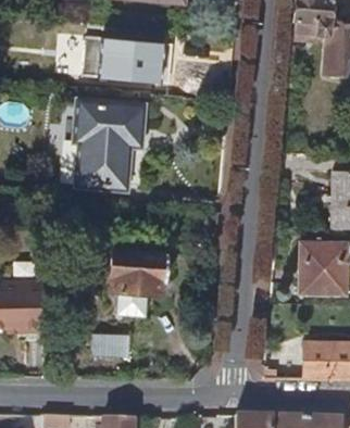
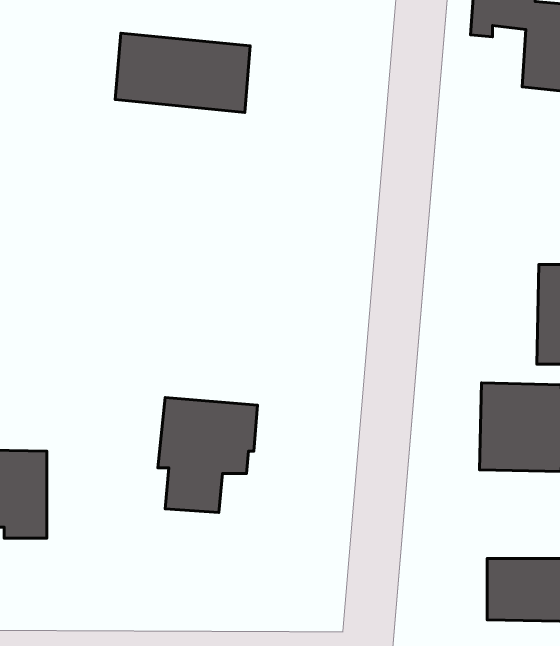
building: [72,87,138,180] -> none
building: [83,325,132,354] -> none

